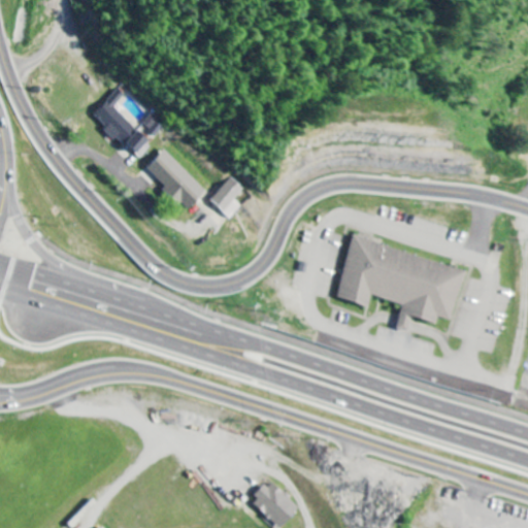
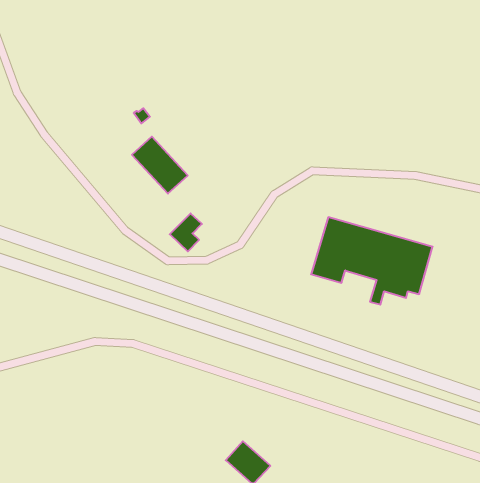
building: [91,88,151,160] -> none
building: [209,176,244,218] -> [170,213,202,251]

